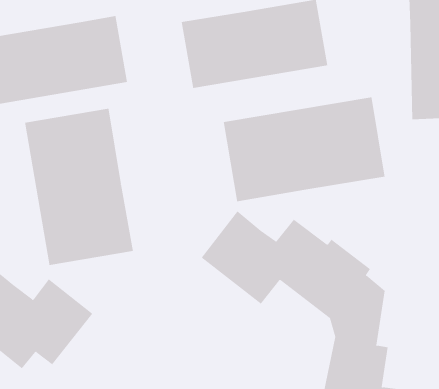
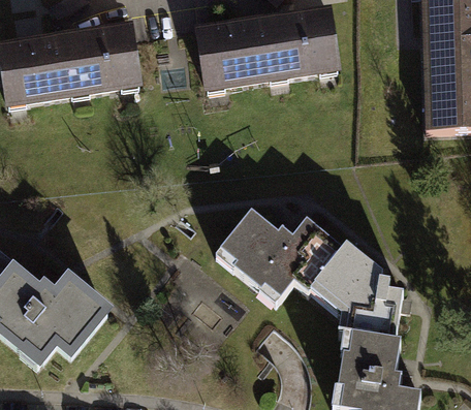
building: [223,96,385,202] -> none
building: [25,108,133,266] -> none

